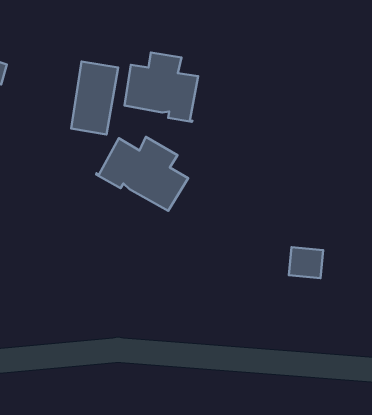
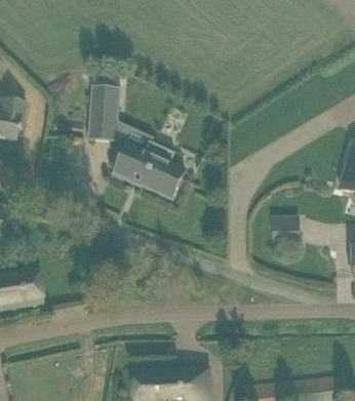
building: [125,52,198,122] -> none

